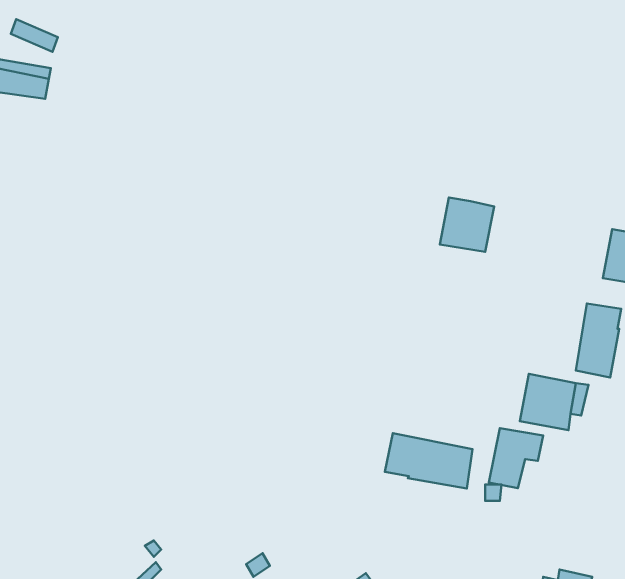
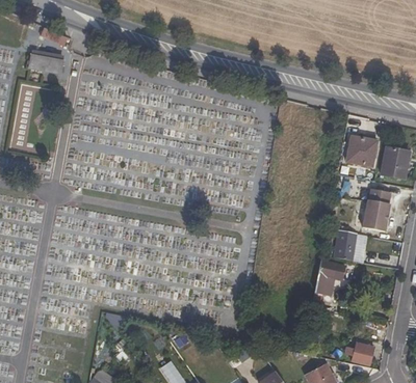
building: [440,197,494,252] -> [346,135,378,166]
building: [385,433,473,488] -> none

